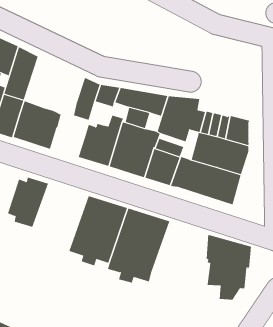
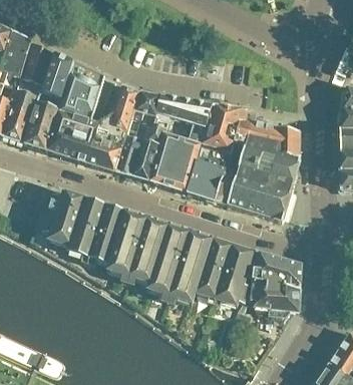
building: none -> [59,62,104,120]
building: none -> [87,112,128,169]
building: none -> [66,198,127,264]
building: none -> [196,238,255,305]

